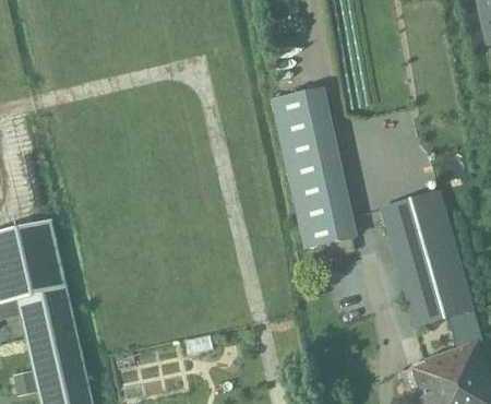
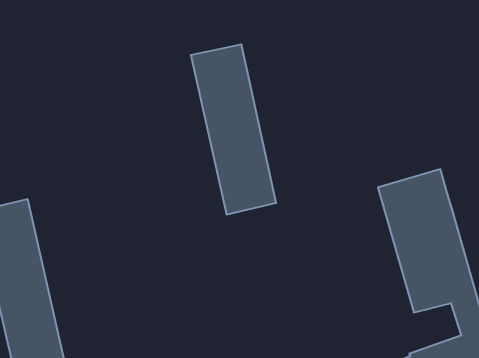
building: [272,87,352,248] -> [191,45,276,215]

